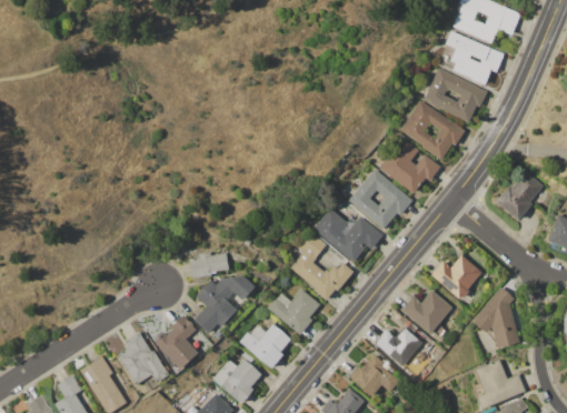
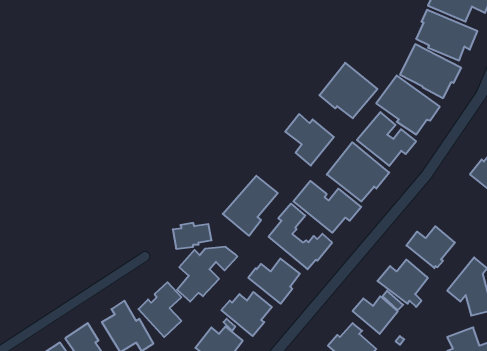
building: none -> [319,63,377,118]
building: none -> [285,114,334,166]
building: none -> [223,176,278,236]

